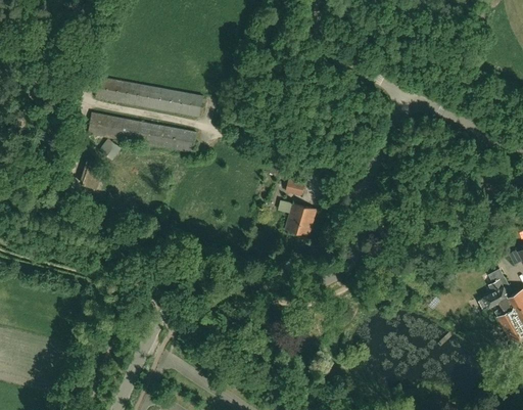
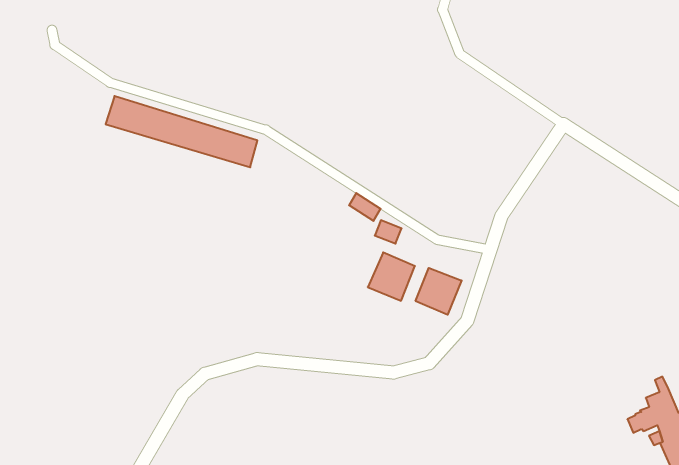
building: [96,78,203,118] -> none
building: none -> [416,268,462,315]

